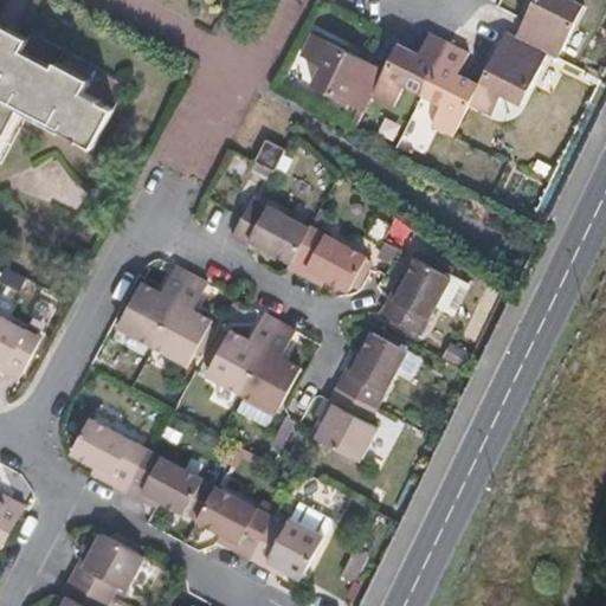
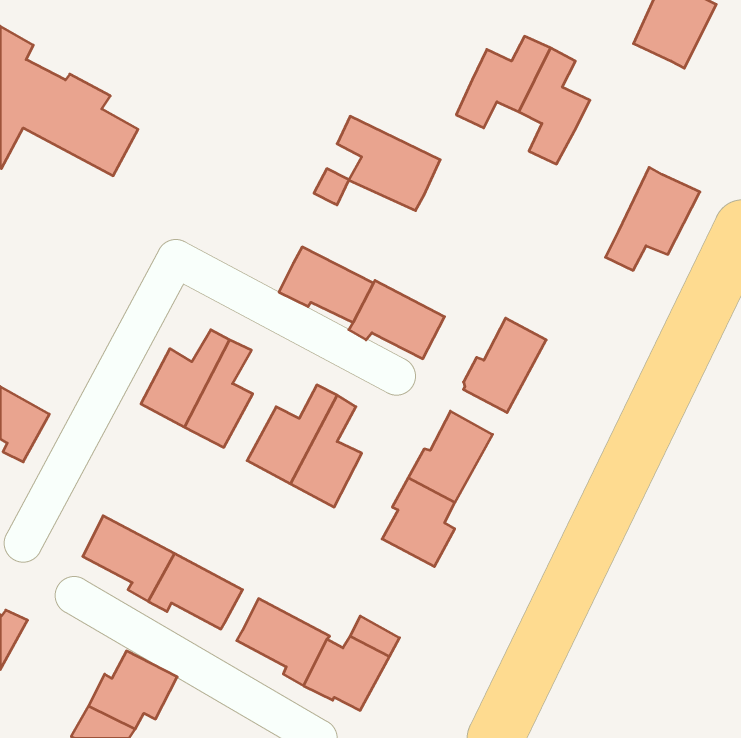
building: [302,30,386,107] -> [337,116,440,211]
building: [471,30,548,114] -> [605,167,700,270]

